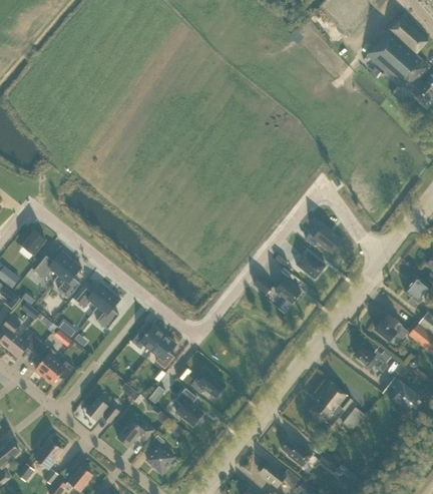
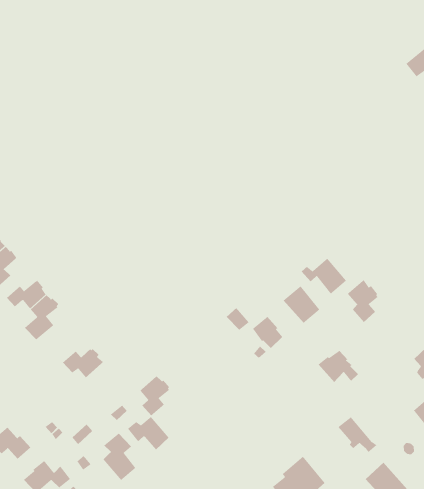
building: none -> [344,278,379,323]
building: [374,316,407,342] -> [318,350,359,383]
building: [149,335,175,369] -> [135,374,170,416]

